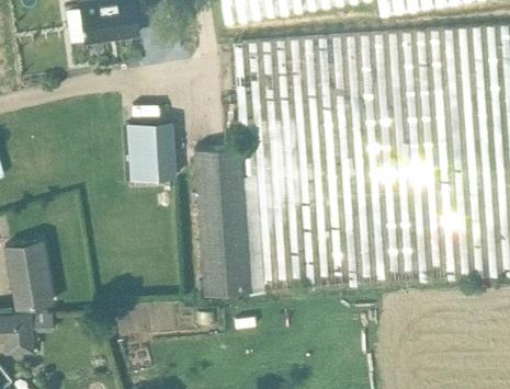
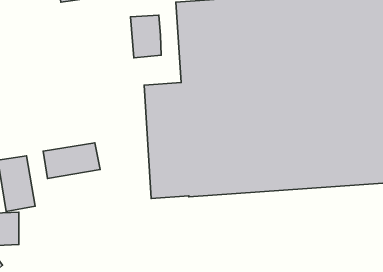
building: [127,123,167,178] -> [131,15,161,58]
building: none -> [43,143,100,178]

